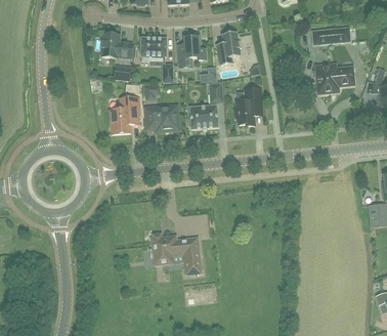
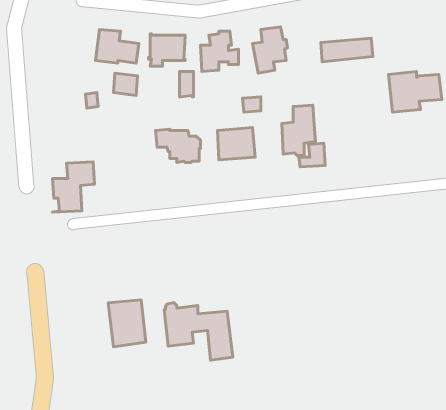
building: [312,27,350,44] -> [321,38,373,62]
building: [110,96,140,133] -> [52,162,95,212]
building: none -> [108,300,146,347]

